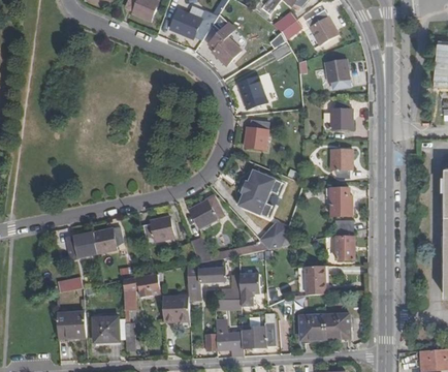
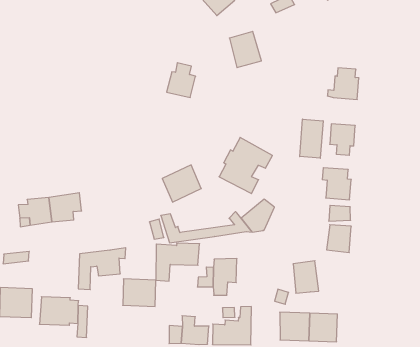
building: [324,60,349,89] -> none
building: [244,120,267,149] -> [167,63,196,97]
building: none -> [300,119,323,158]
building: [142,216,173,241] -> none

